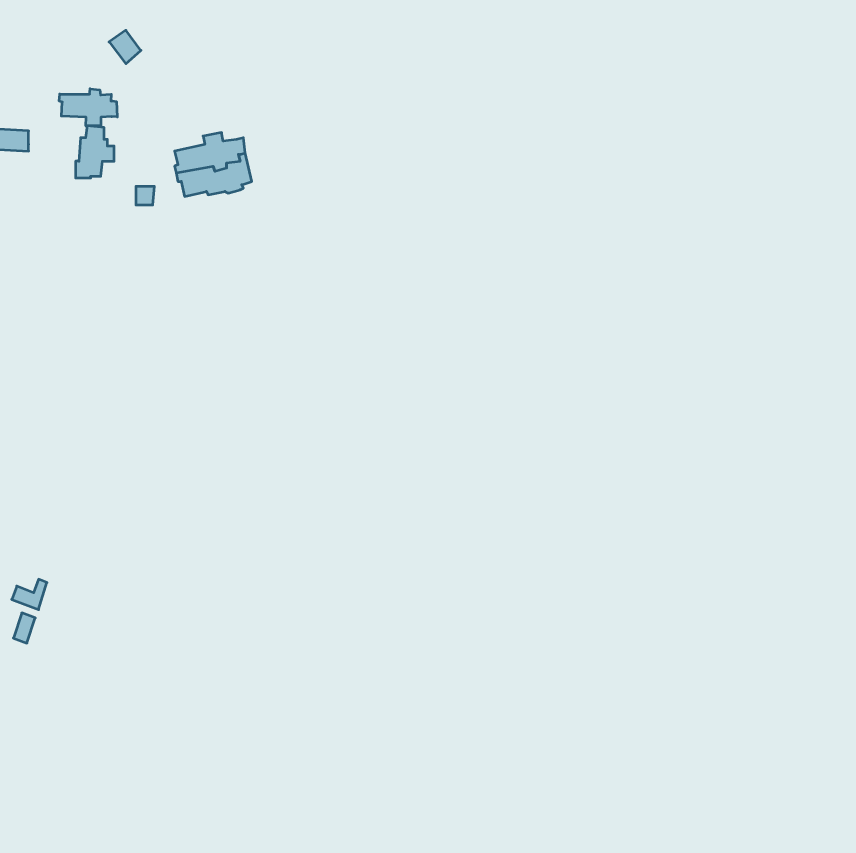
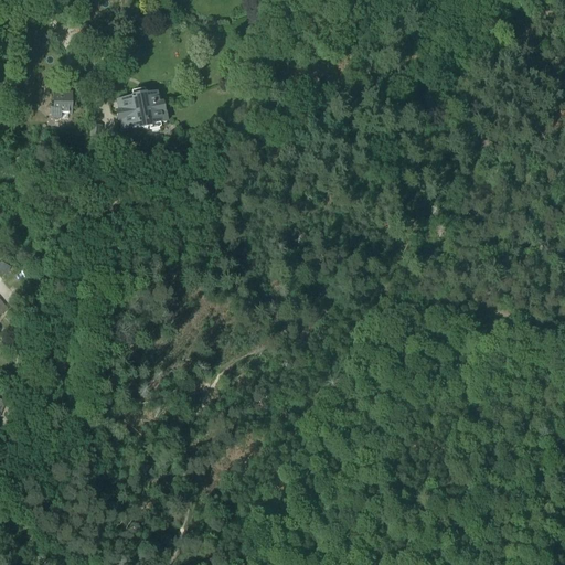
building: [59,89,117,126] -> none

